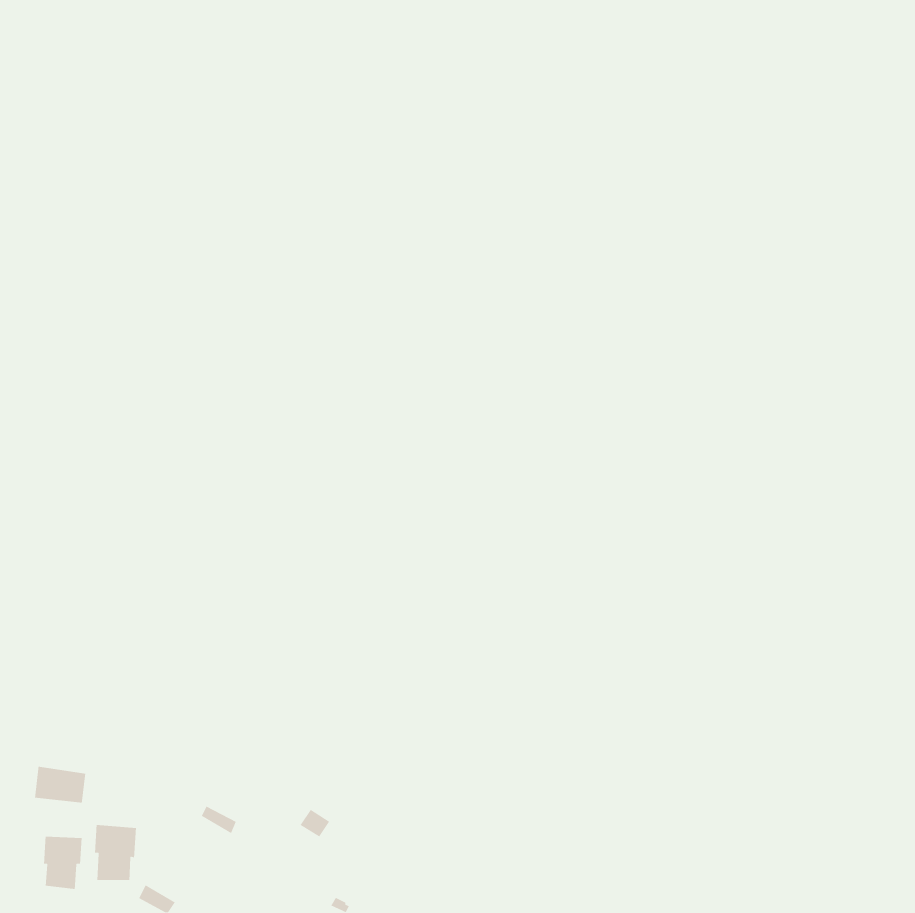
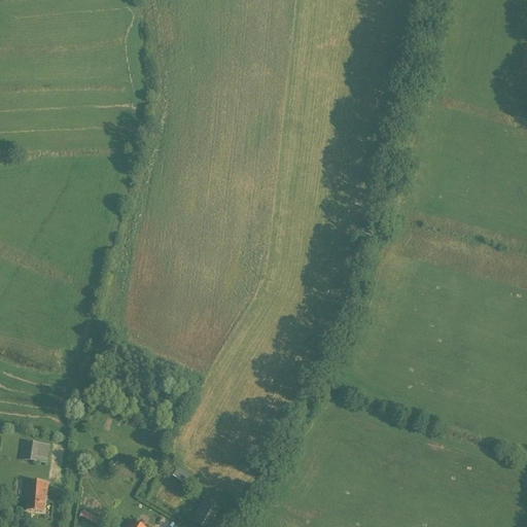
building: [94,824,137,881] -> none

